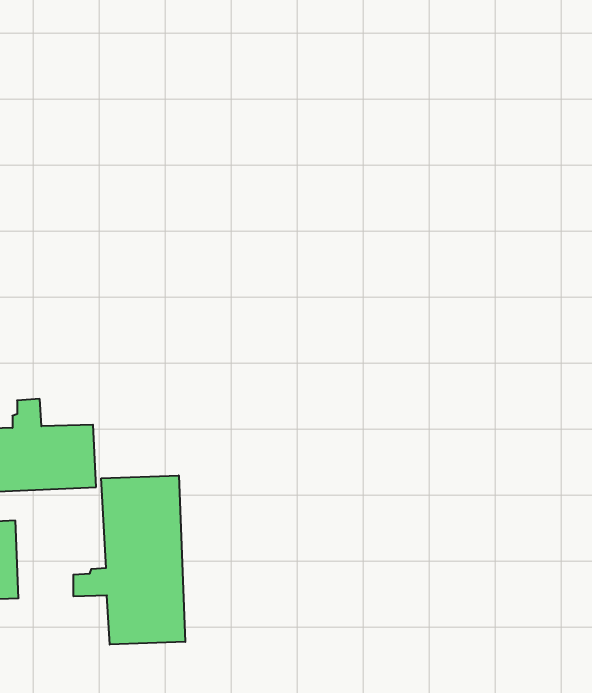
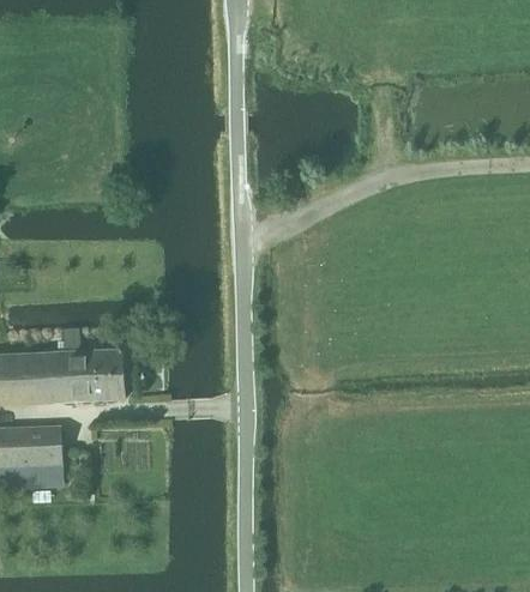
building: [73,475,185,645] -> none

